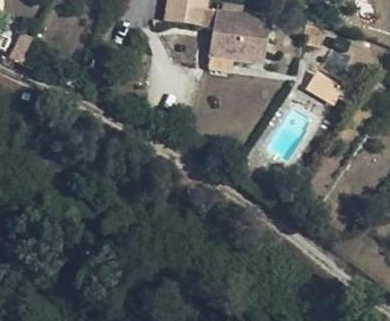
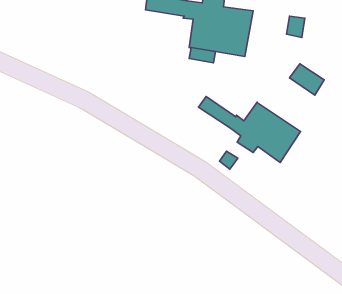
building: none -> [198,97,300,163]

